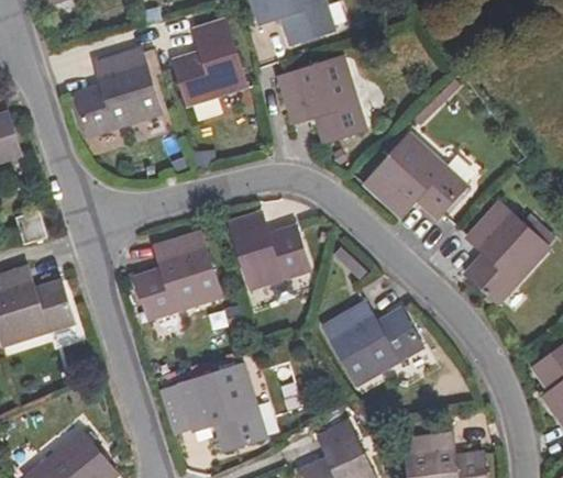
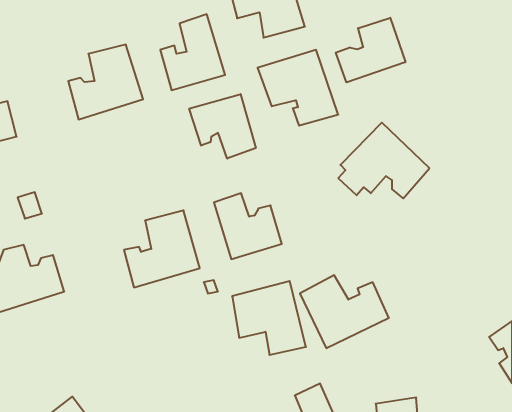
building: none -> [336,18,405,82]
building: none -> [189,94,256,159]
building: [471,204,549,303] -> none
building: [180,367,261,447] -> [232,281,306,355]

